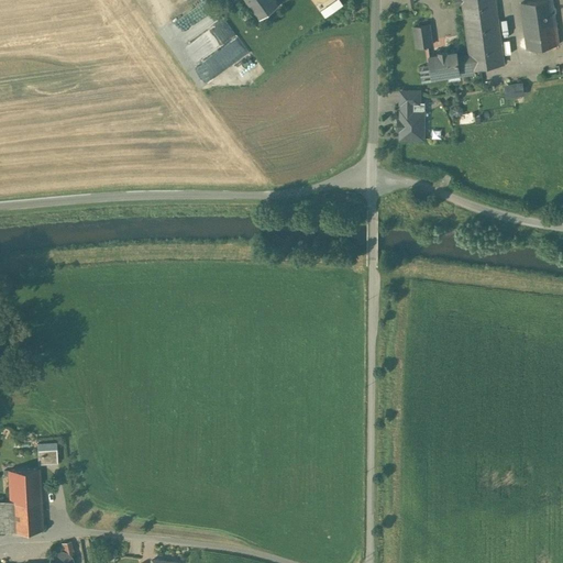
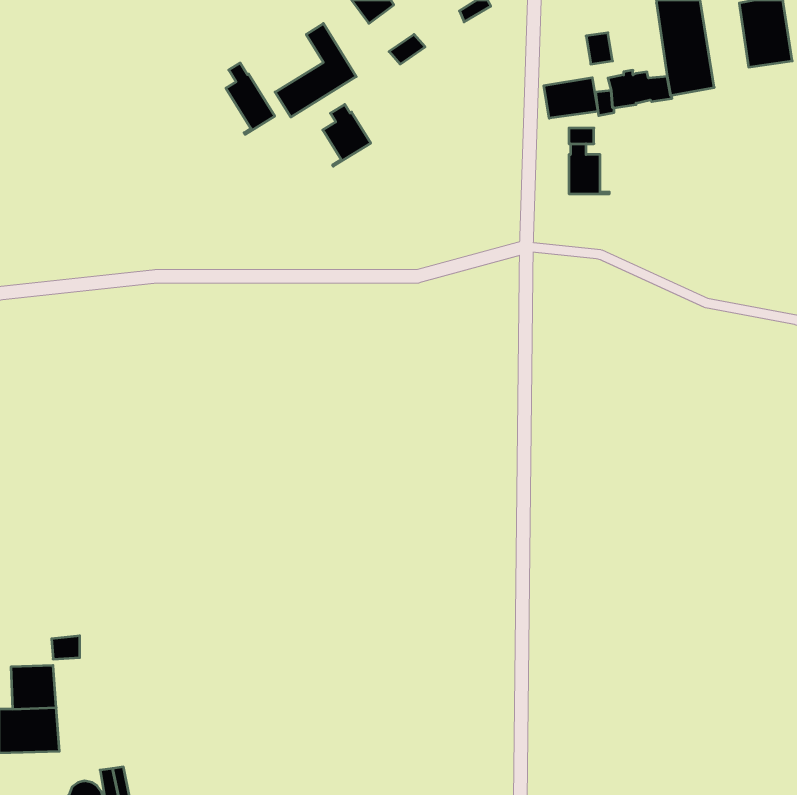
building: none -> [226,63,275,134]
building: none -> [544,78,598,118]
building: none -> [323,104,371,166]

